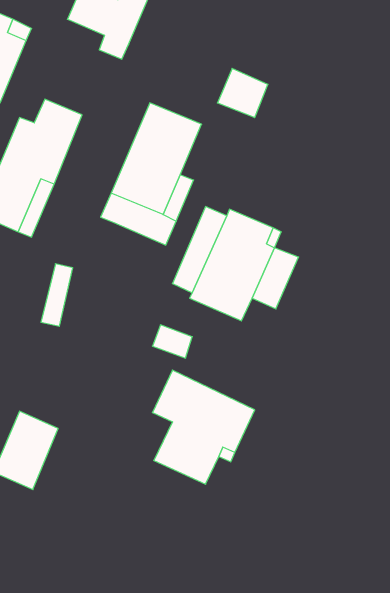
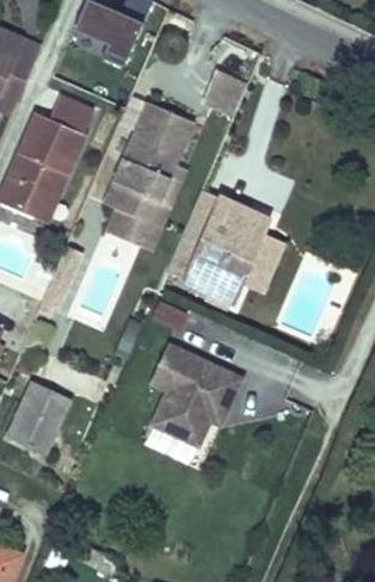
building: none -> [106,211,162,254]

